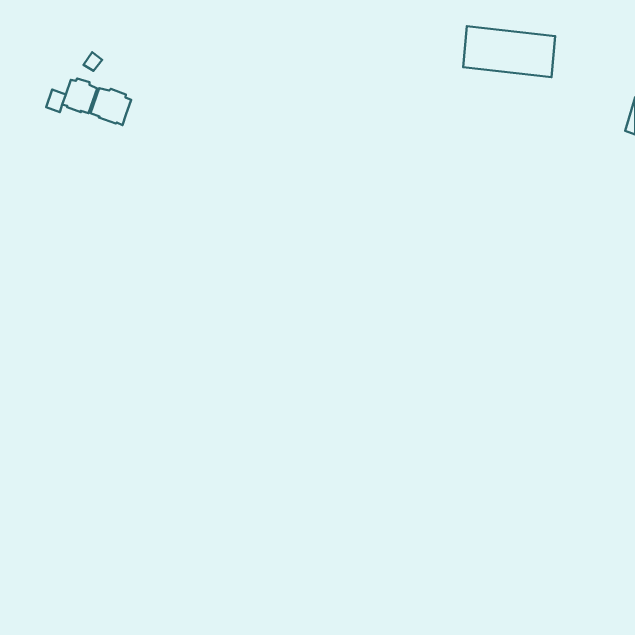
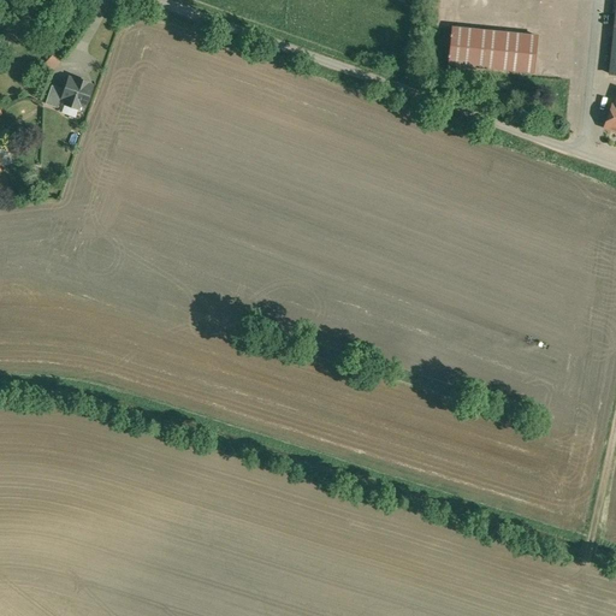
building: [90,88,131,125] -> none

